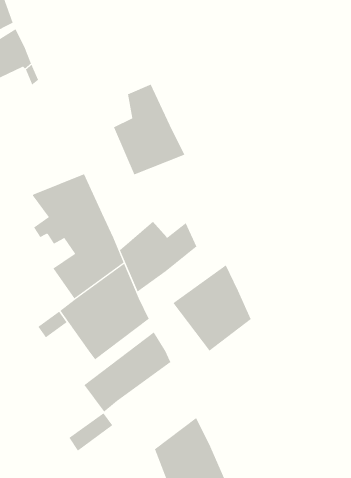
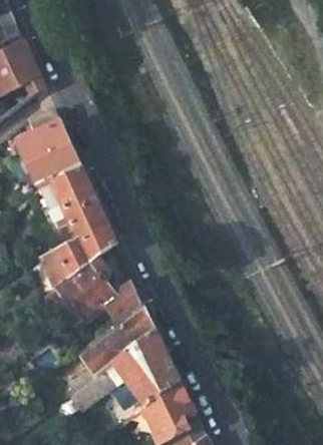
building: [113,84,185,175] -> [17,105,80,185]
building: [119,221,197,293] -> none
building: [172,264,251,351] -> [109,333,179,409]

